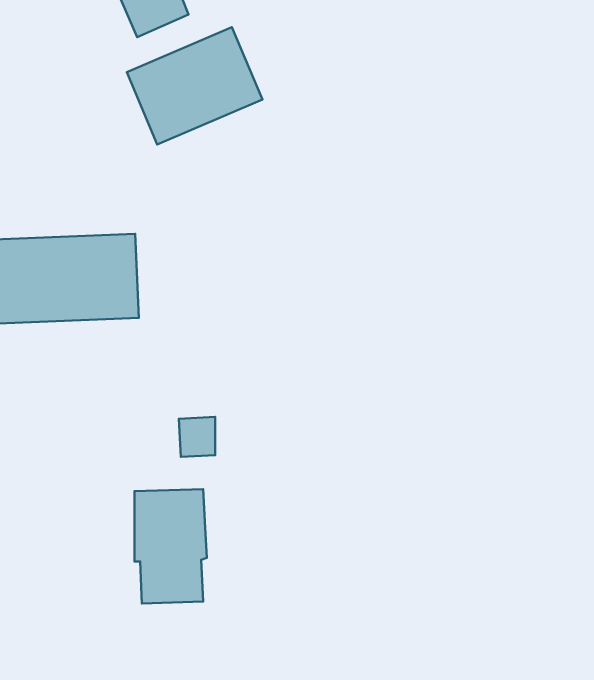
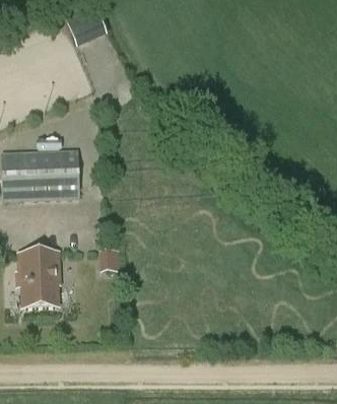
building: [127,27,262,144] -> none
building: [134,489,207,604] -> [23,251,62,312]

